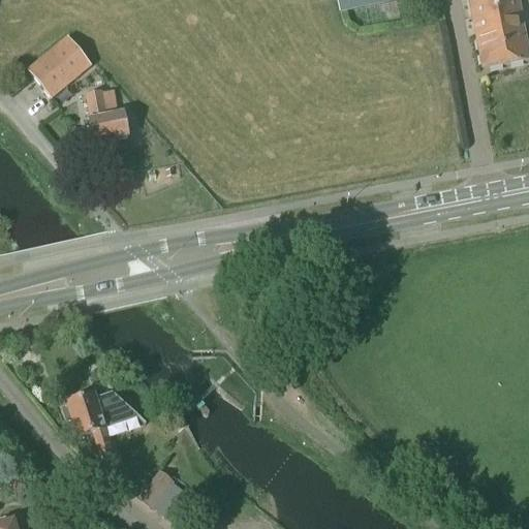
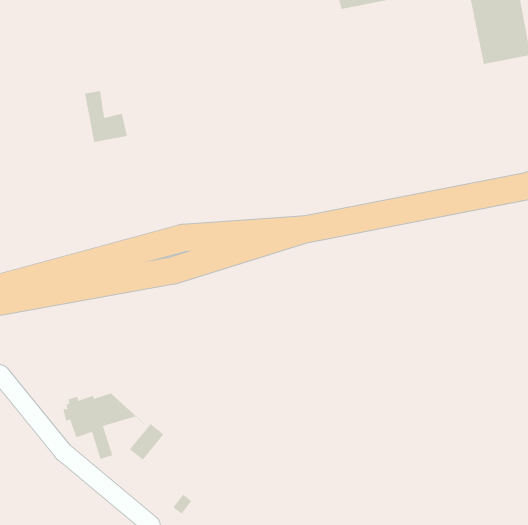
building: [29,36,91,97] -> none
building: [141,469,176,506] -> [129,423,164,461]

